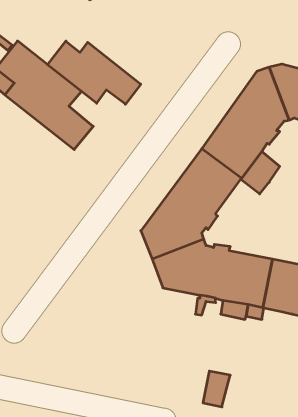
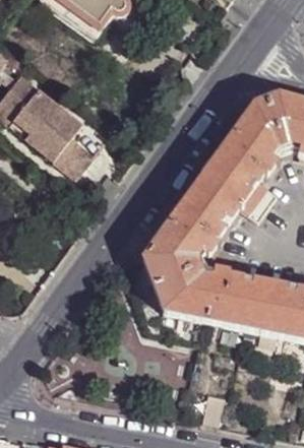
building: [48,41,141,104] -> none

